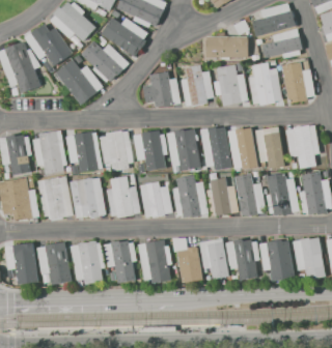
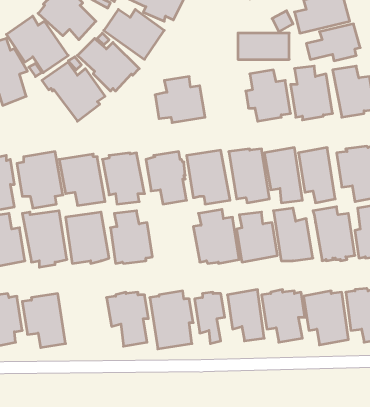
building: [182,65,212,106] -> none
building: [140,181,171,218] -> none
building: [71,240,104,284] -> none

